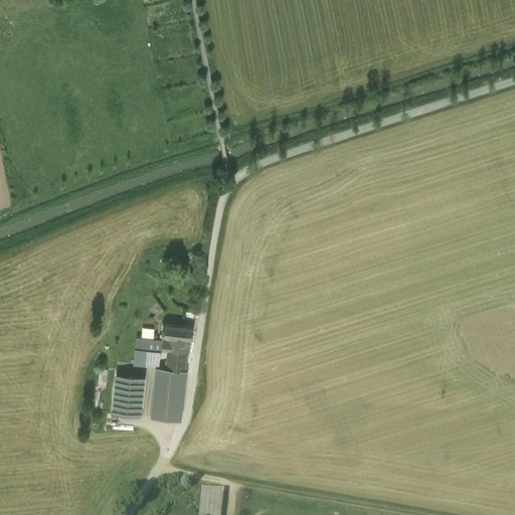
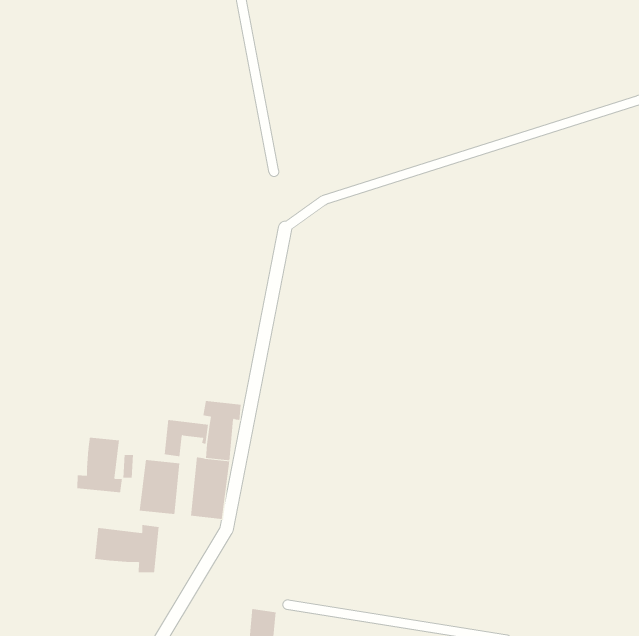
building: none -> [77,437,123,493]
building: none -> [95,524,159,573]

